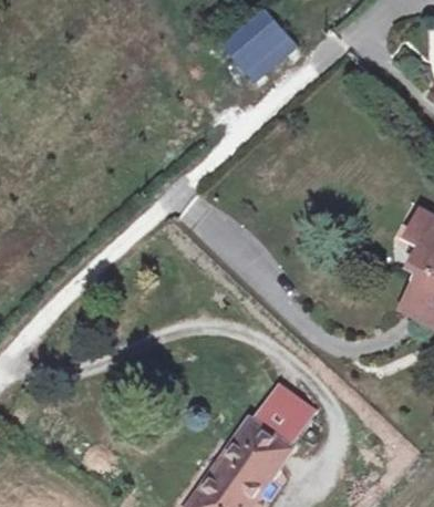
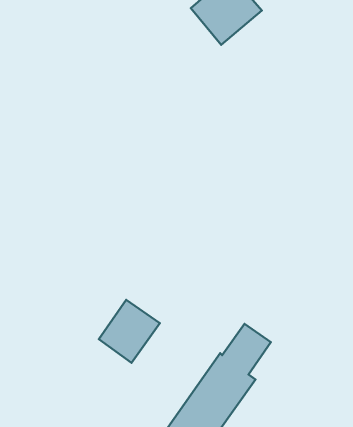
building: none -> [99,300,160,363]

